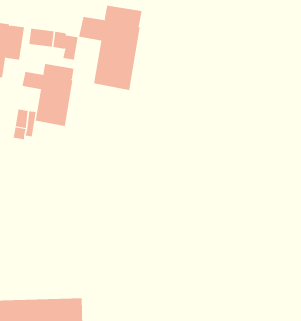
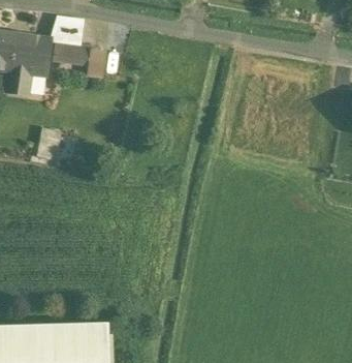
building: [78,5,142,91] -> none
building: [22,63,74,127] -> none

